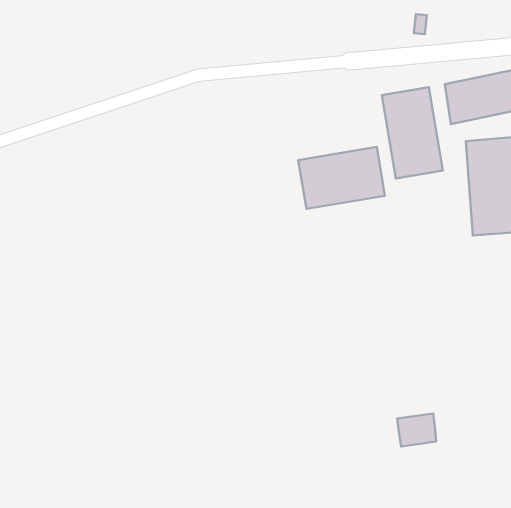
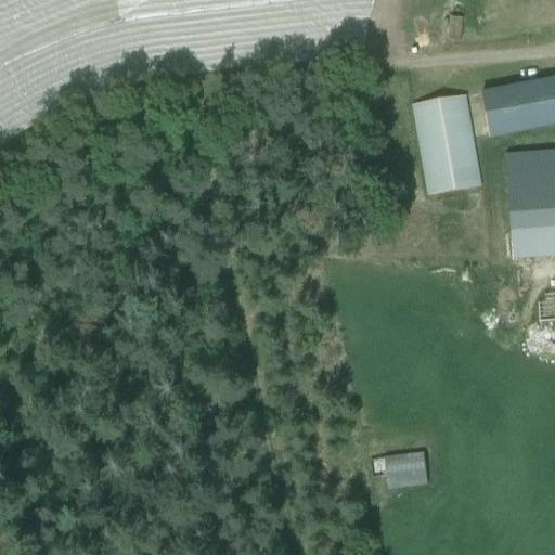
building: [298,147,385,209] -> none
building: [397,413,436,446] -> [385,451,427,487]

